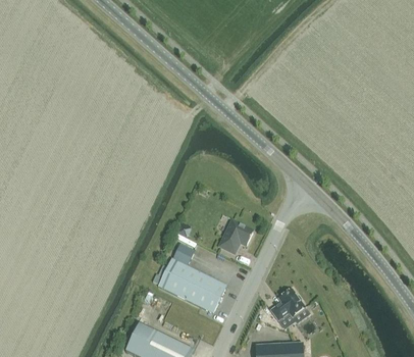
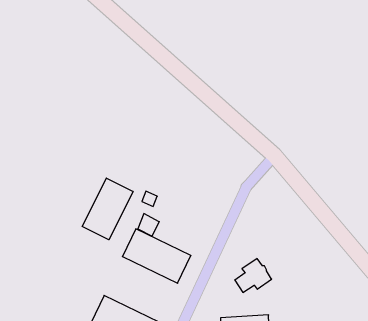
building: none -> [82,178,133,240]
building: [216,217,254,254] -> none

